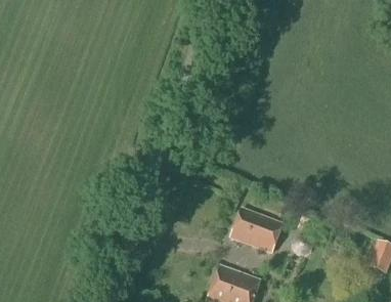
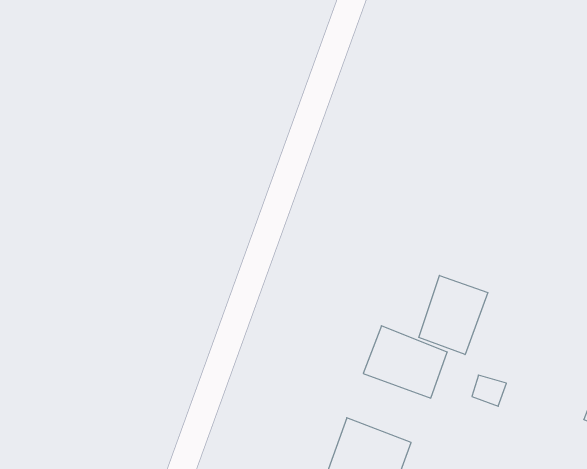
building: none -> [419,275,488,355]

